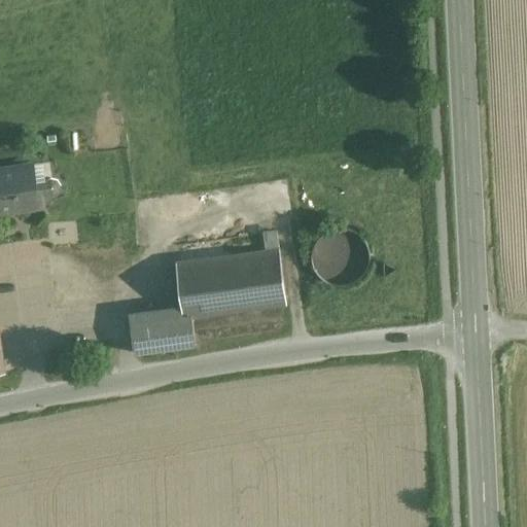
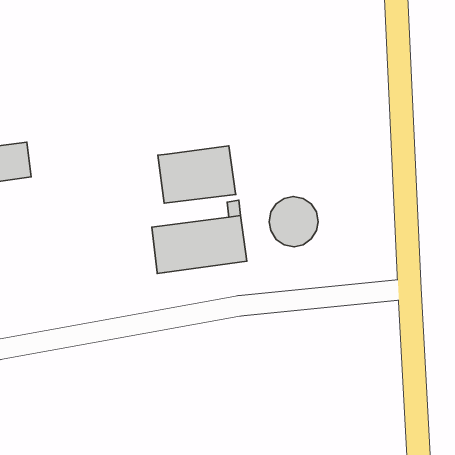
building: none -> [158,146,236,203]
building: [128,313,194,351] -> none

